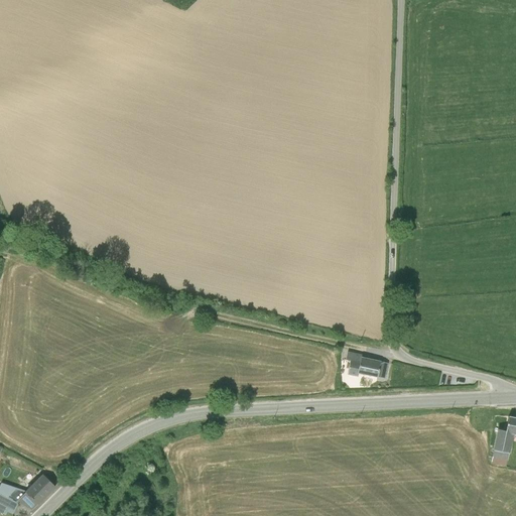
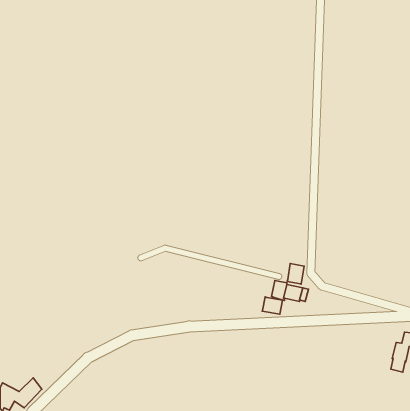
building: none -> [287,263,304,284]
building: none -> [262,297,283,314]

